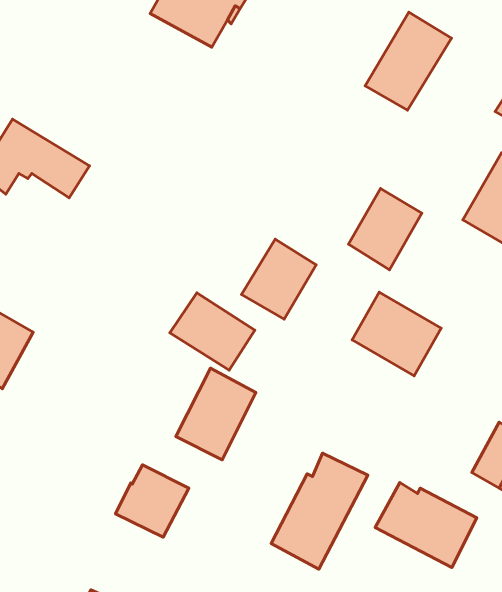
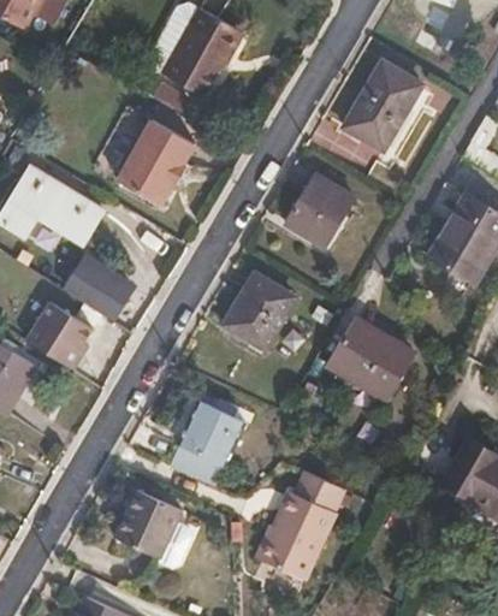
building: none -> [114,122,190,206]
building: [348,189,422,270] -> [289,172,357,248]
building: none -> [24,298,89,367]
building: [170,293,255,370] -> [65,254,144,326]
building: [375,482,477,567] -> none

